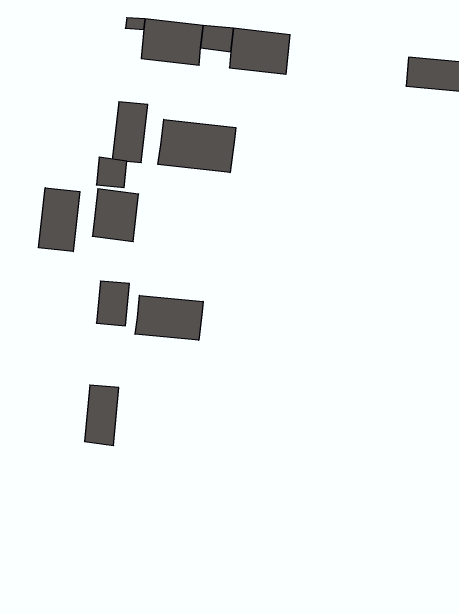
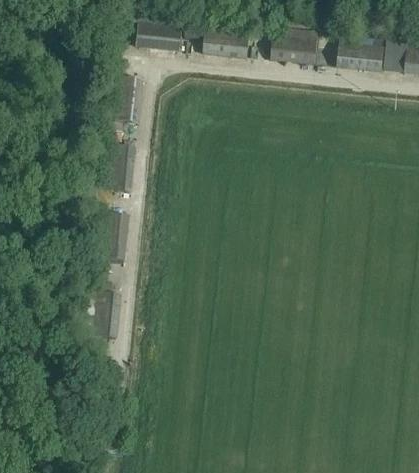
building: none -> [270,37,316,63]
building: [158,119,236,173] -> none
building: [39,188,80,252] -> none
building: [135,295,203,340] -> none

